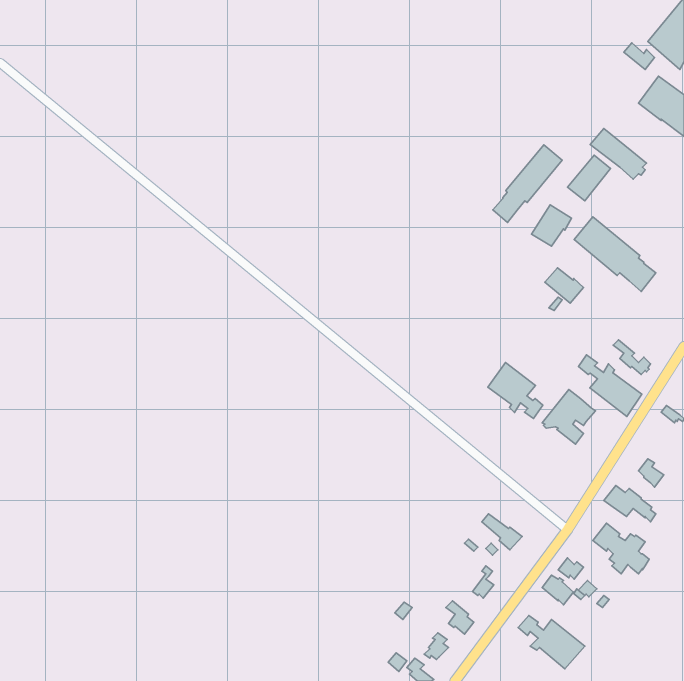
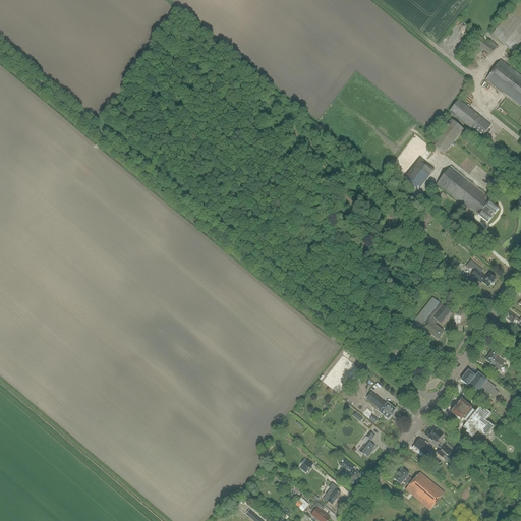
building: [493,145,562,223] -> none
building: [545,268,583,303] -> none
building: [579,355,642,416] -> none
building: [488,362,543,418] -> none

